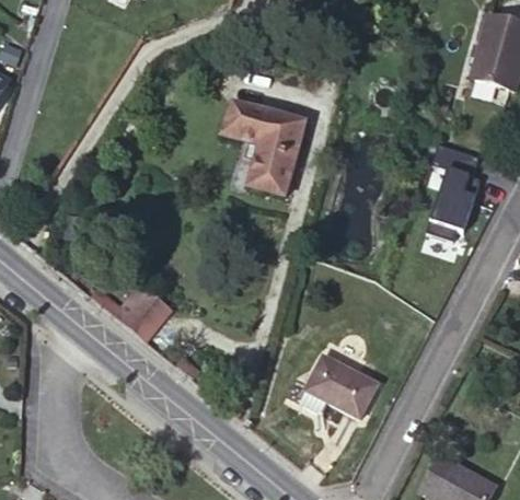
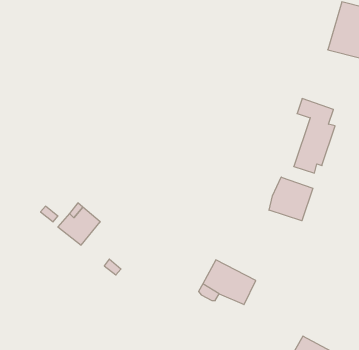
building: [222,100,307,194] -> none
building: none -> [269,177,313,221]

